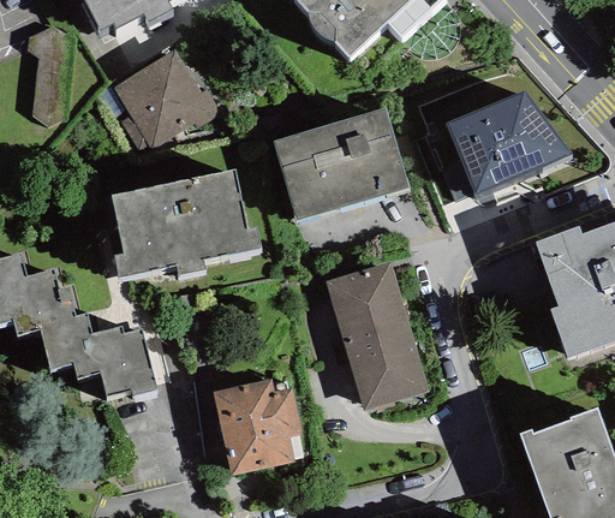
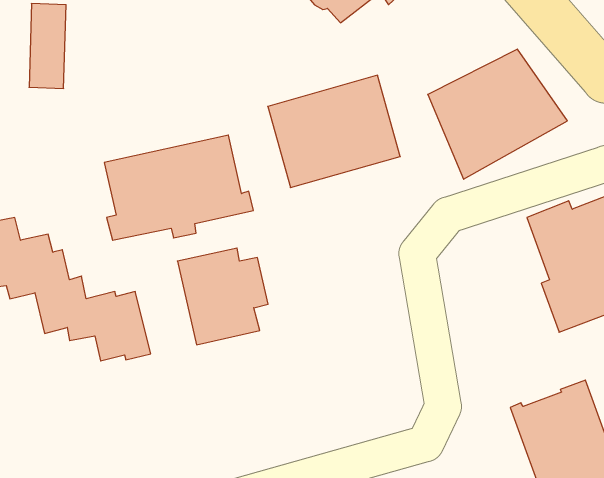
building: [112,53,221,161] -> none
building: [326,267,429,416] -> none
building: [211,383,303,481] -> [177,248,268,345]

